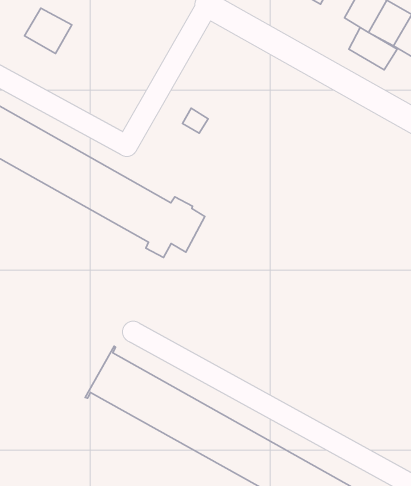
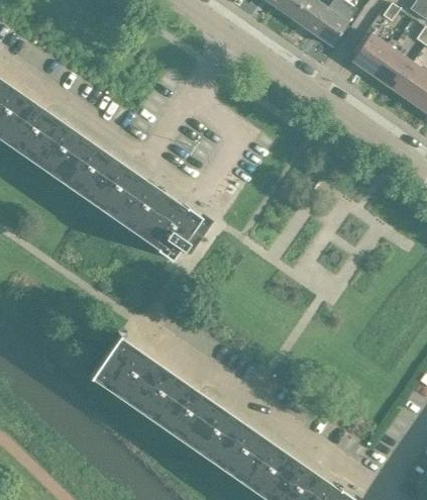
building: [24,8,72,54] -> none
building: [349,28,397,70] -> none

